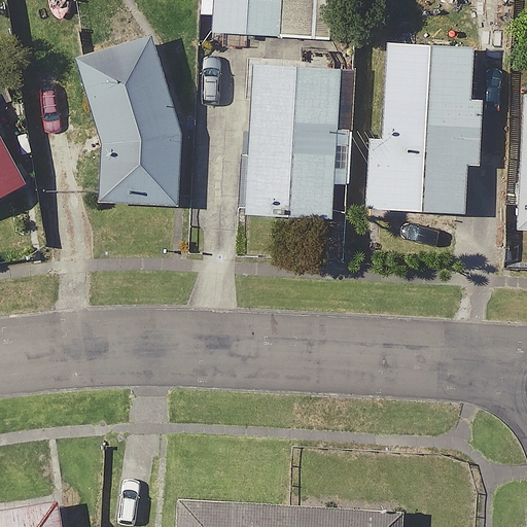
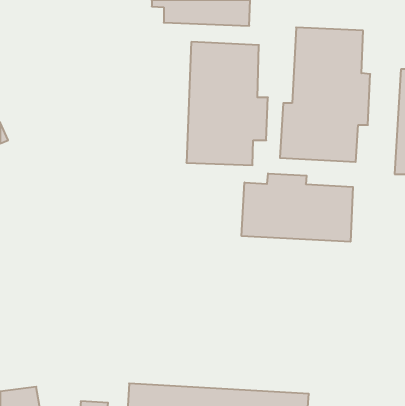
building: [80,35,178,205] -> none
building: none -> [242,173,353,242]

